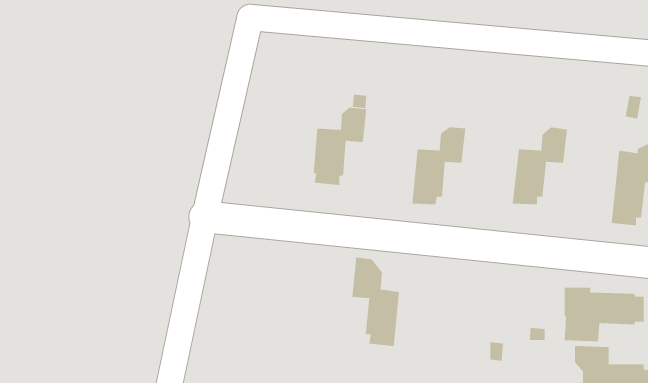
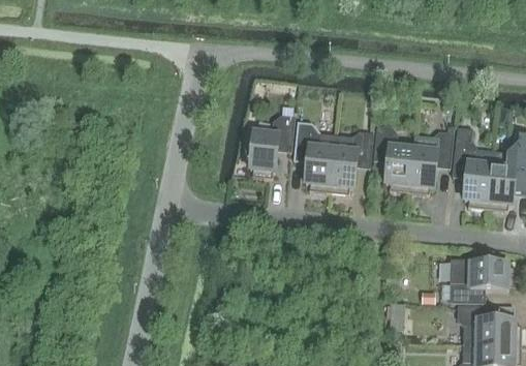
building: none -> [374,125,413,192]
building: none -> [453,126,493,208]
building: [352,257,400,347] -> [295,121,333,192]

